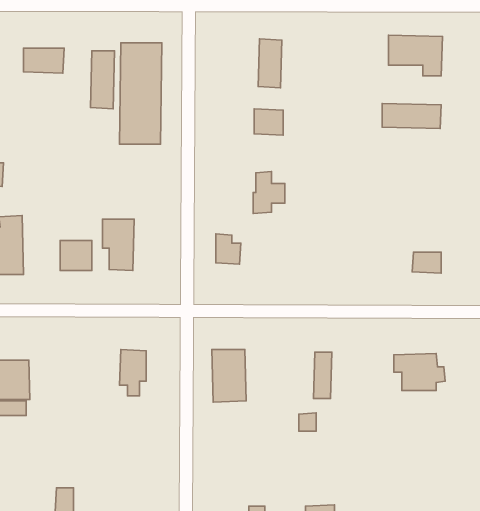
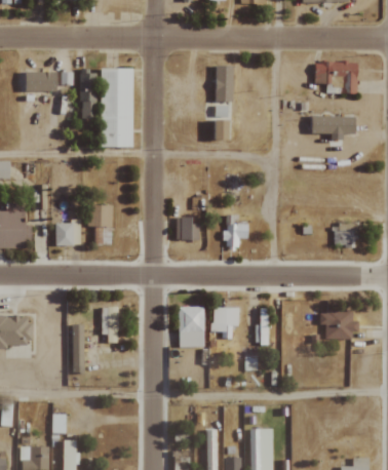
building: [253,172,285,214] -> [224,214,248,247]
building: none -> [209,308,237,339]

